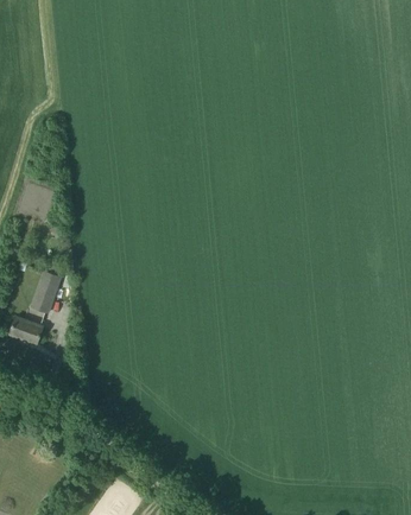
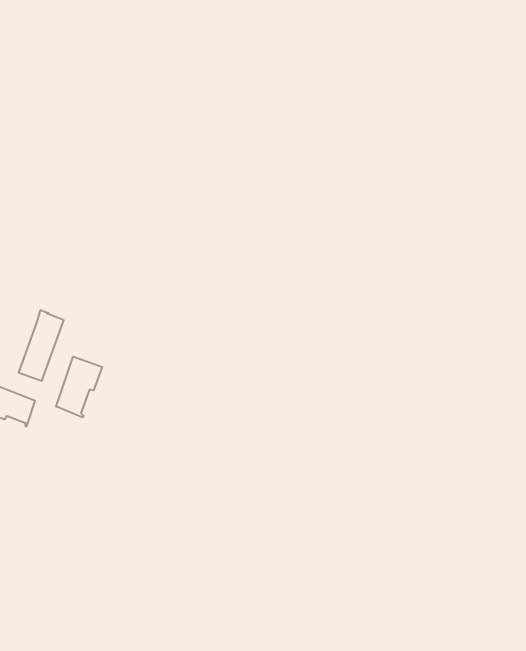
building: none -> [56,357,102,417]

